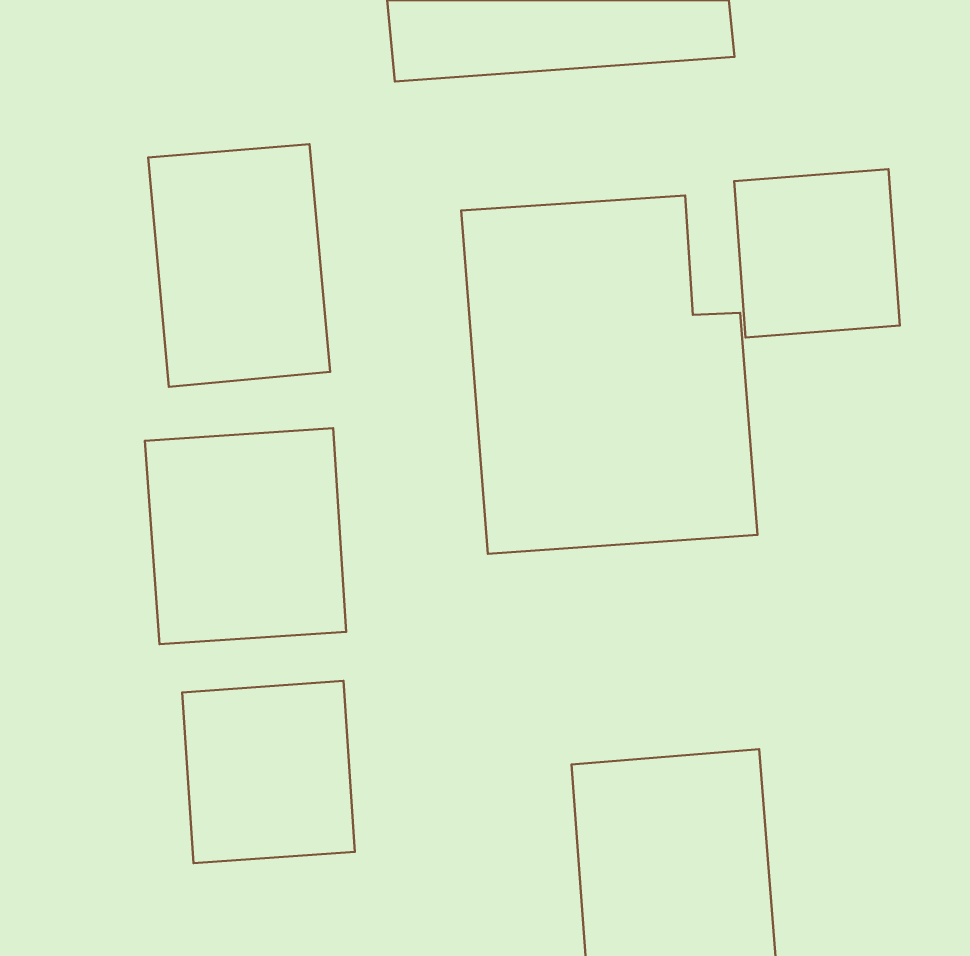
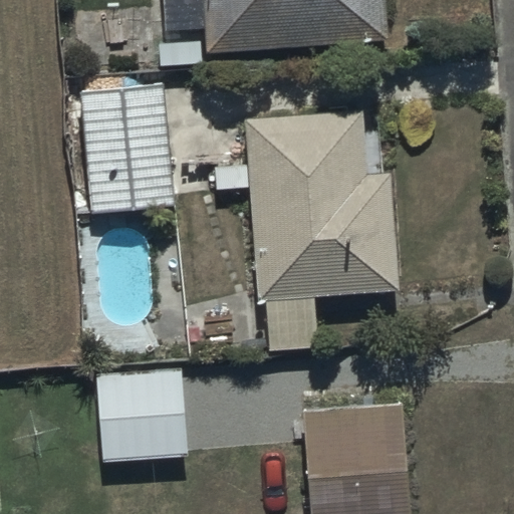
building: [734,169,900,337] -> none
building: [145,428,346,644] -> none

